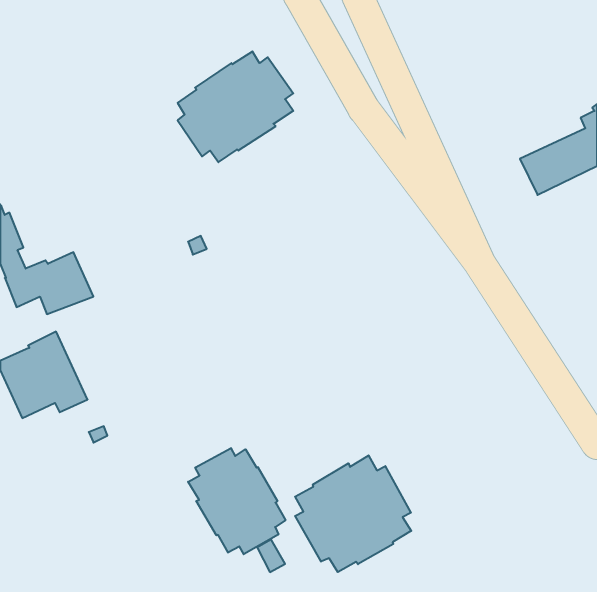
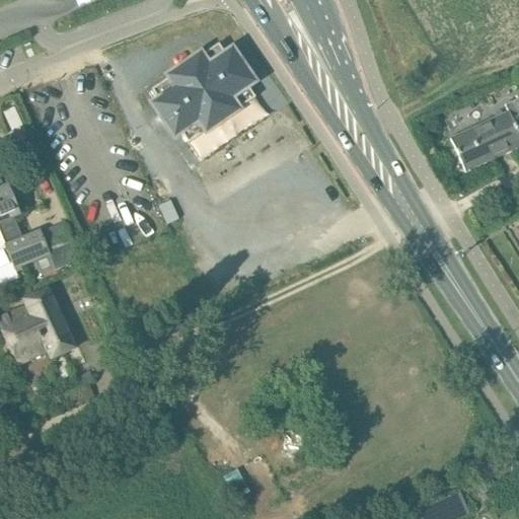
building: [188,448,285,554] -> none
building: [295,455,411,572] -> none

